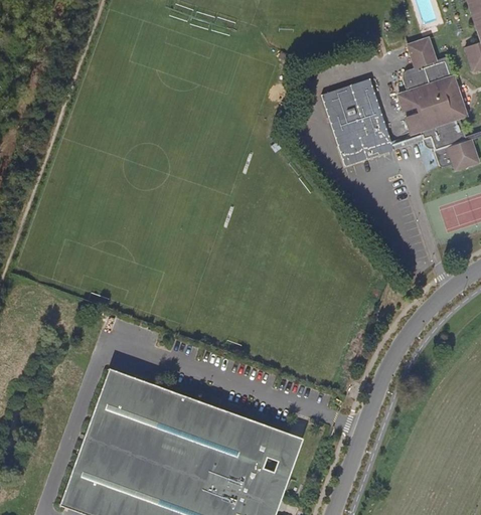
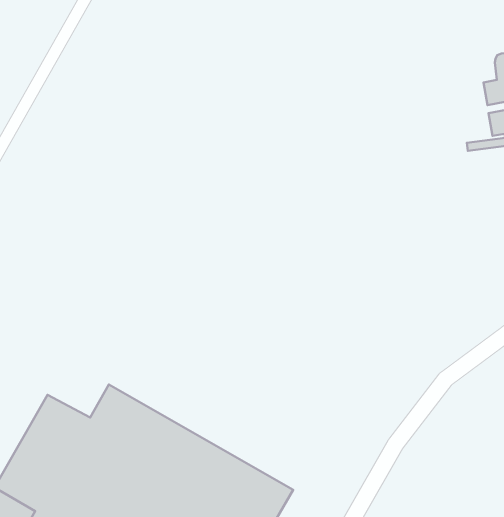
building: [322,79,394,168] -> none
building: [100,368,146,409] -> none

